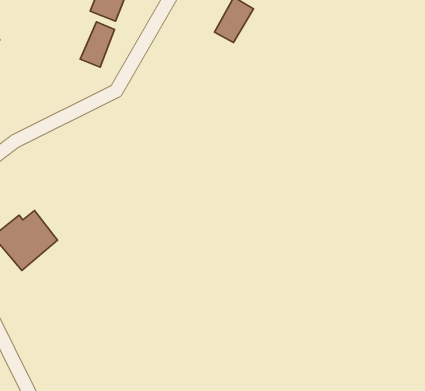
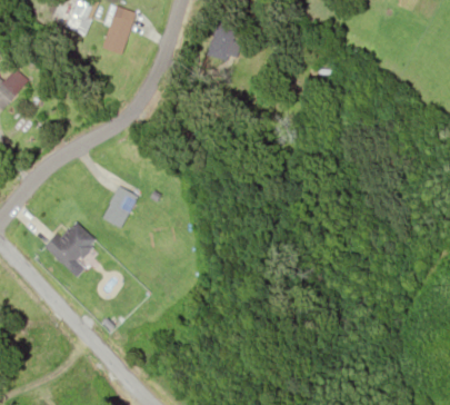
building: [80,22,115,67] -> none
building: none -> [102,187,137,228]

